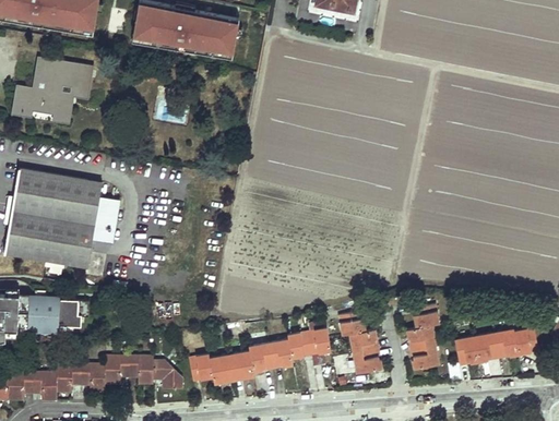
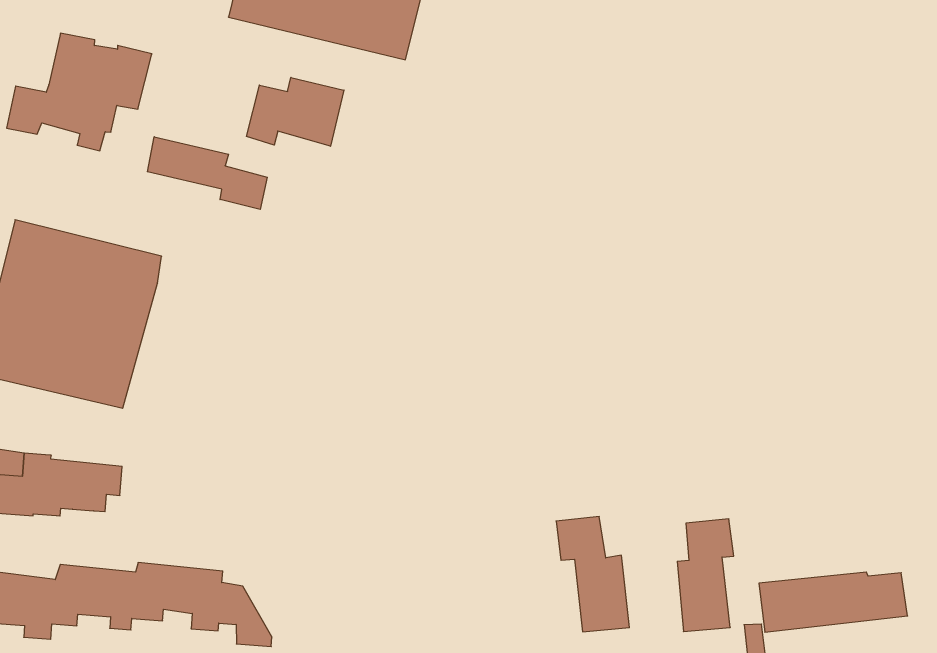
building: none -> [247,77,344,146]
building: none -> [147,137,267,209]
building: [95,196,121,242] -> none
building: [192,330,334,387] -> none

